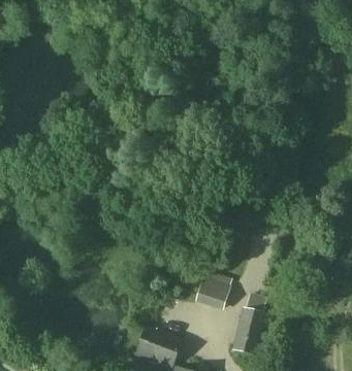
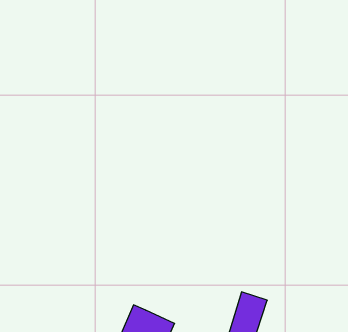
building: [194,275,230,309] -> none

